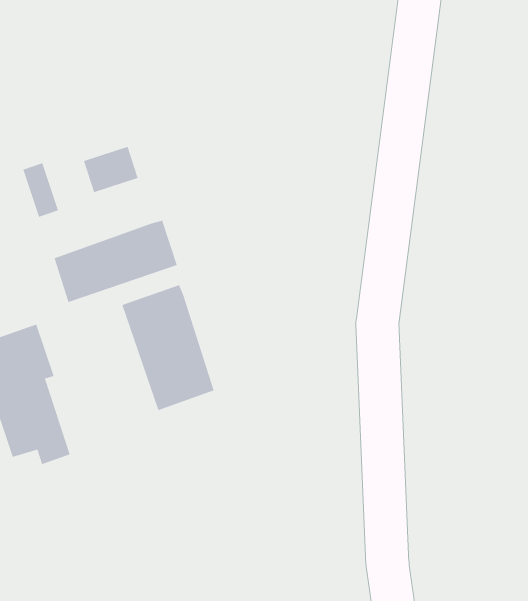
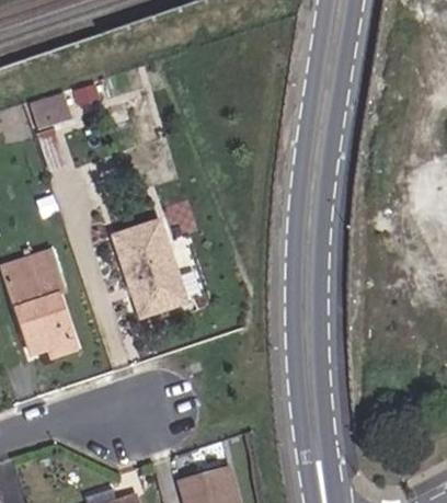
building: [83,146,138,193] -> [31,93,72,128]
building: [54,220,178,303] -> none

